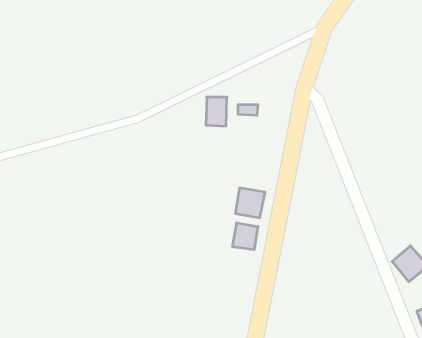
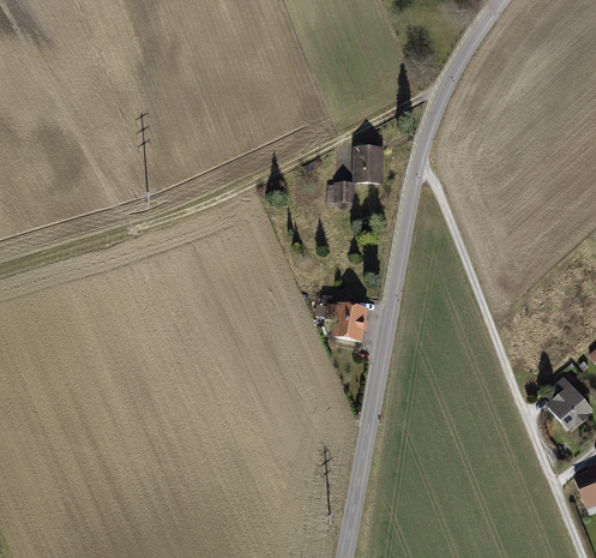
building: [206,97,227,126] -> [355,145,384,185]
building: [233,223,258,250] -> none

